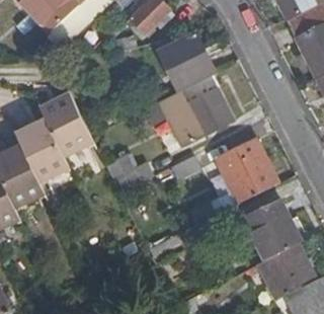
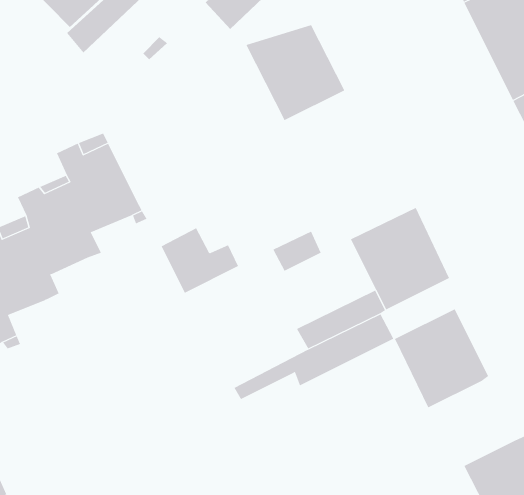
building: [145,88,233,147] -> none
building: [259,245,316,300] -> none

